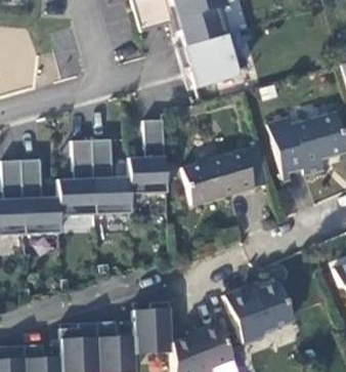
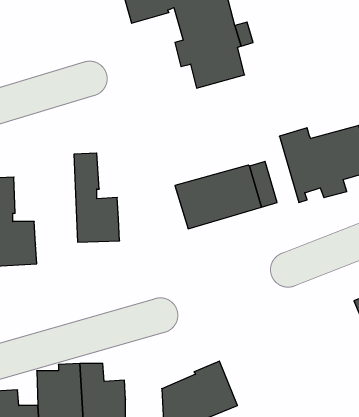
building: [129,122,168,197] -> none
building: [59,141,96,218] -> none
building: [225,281,294,343] -> none
building: [136,299,166,350] -> none

